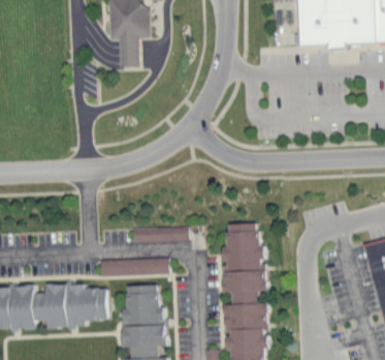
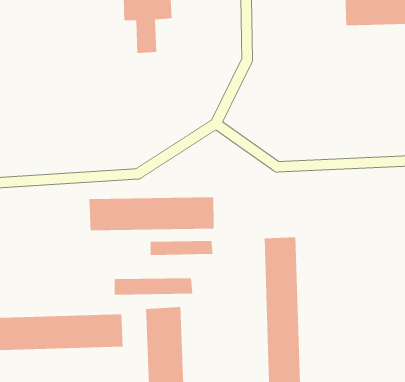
building: none -> [89,197,215,231]

